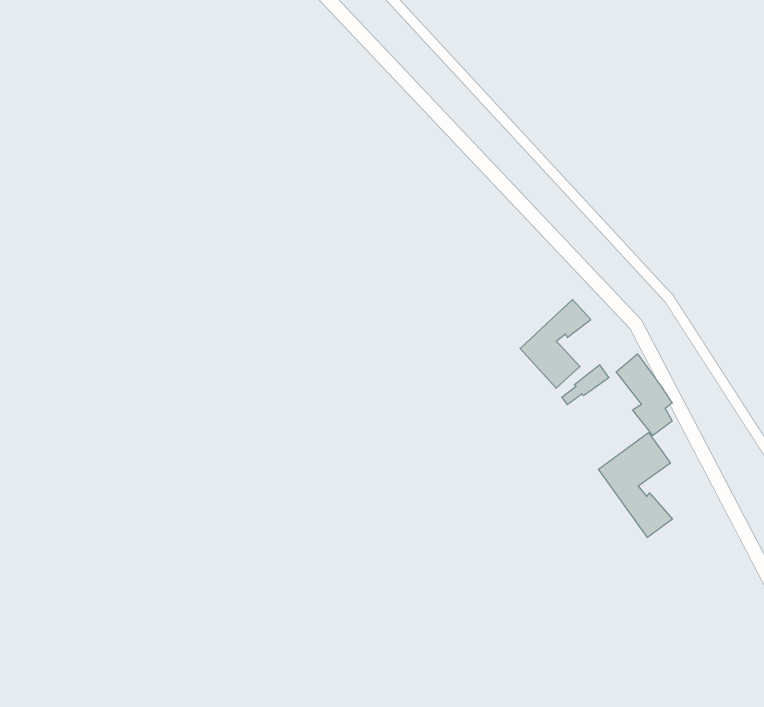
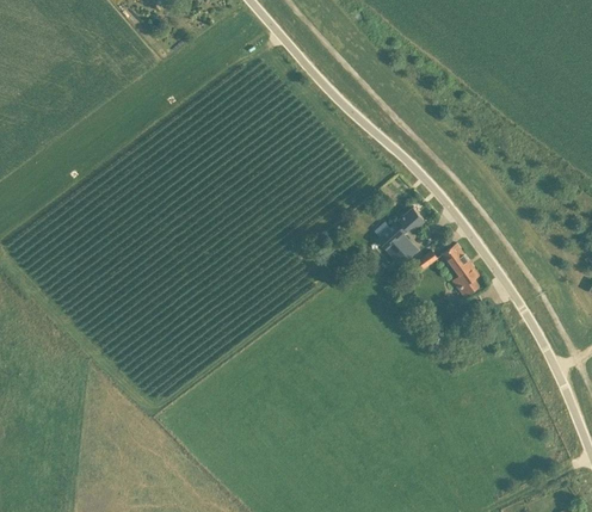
building: [599,433,672,538] -> none

